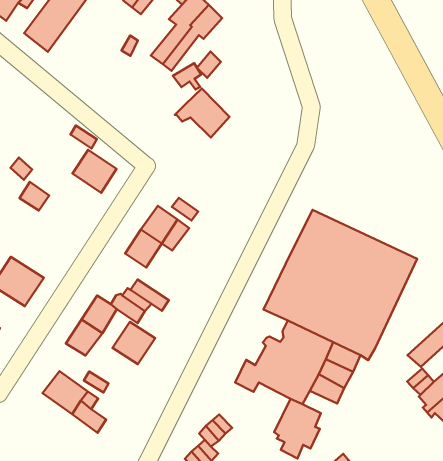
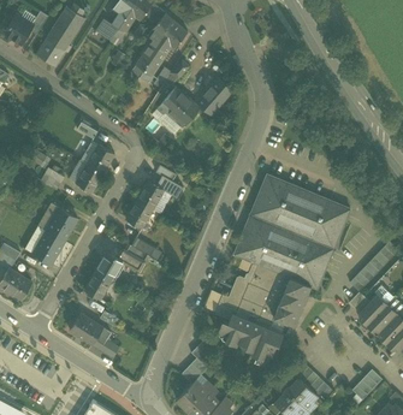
building: none -> [196,79,230,114]
building: none -> [69,160,102,194]
building: none -> [36,203,76,242]
building: [113,322,155,364] -> none
building: none -> [215,312,259,349]

